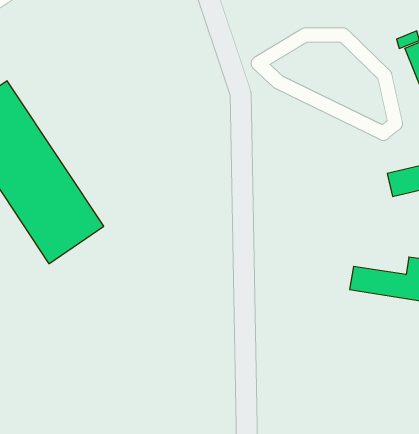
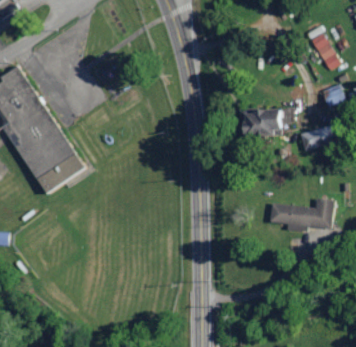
building: none -> [248,107,290,137]

